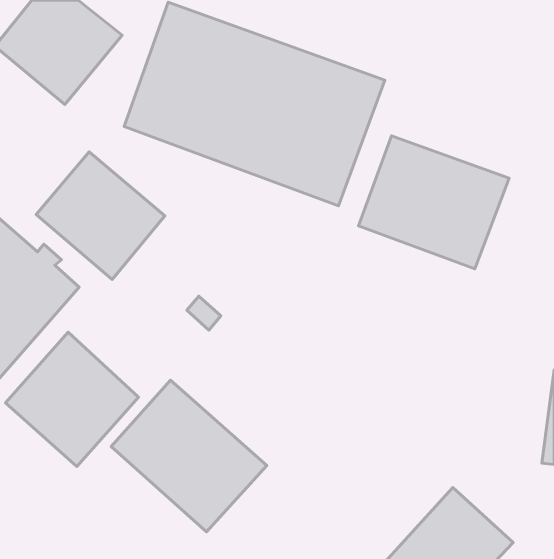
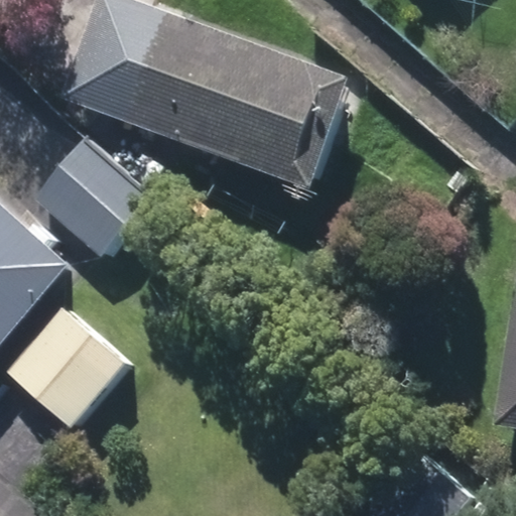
building: [358,136,509,269] -> none
building: [111,380,267,532] -> none

